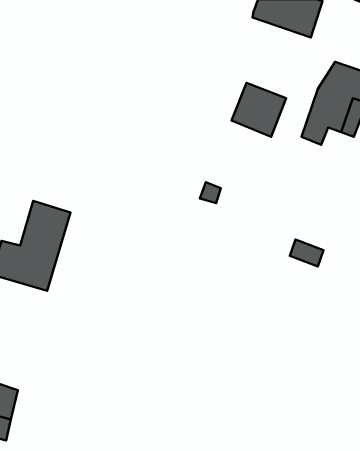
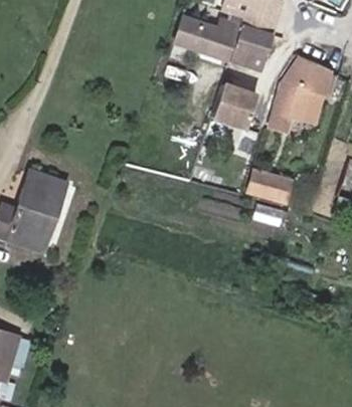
building: none -> [173,16,274,67]
building: none -> [248,171,297,210]

